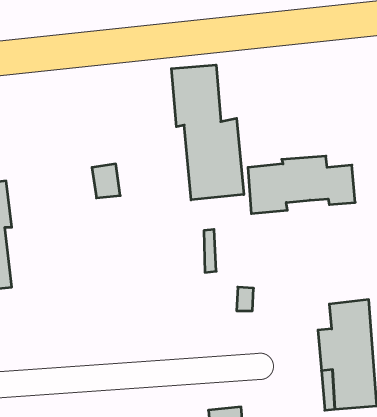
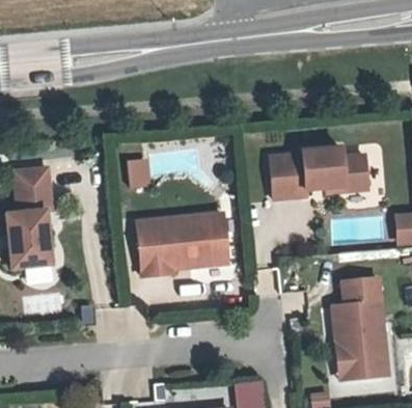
building: [171,65,244,200] -> none
building: none -> [136,213,227,276]

